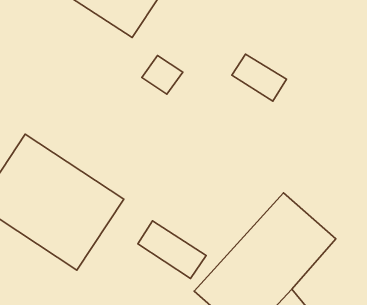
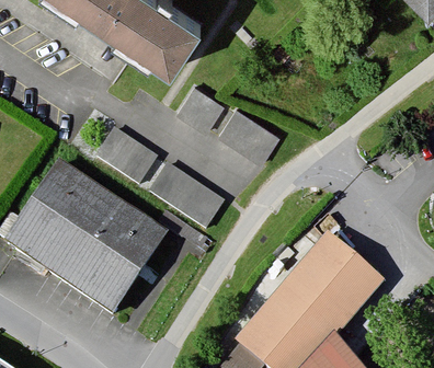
building: [232,54,286,101] -> [221,112,278,161]
building: none -> [101,133,157,182]
building: [138,221,206,278] -> [153,166,225,227]

